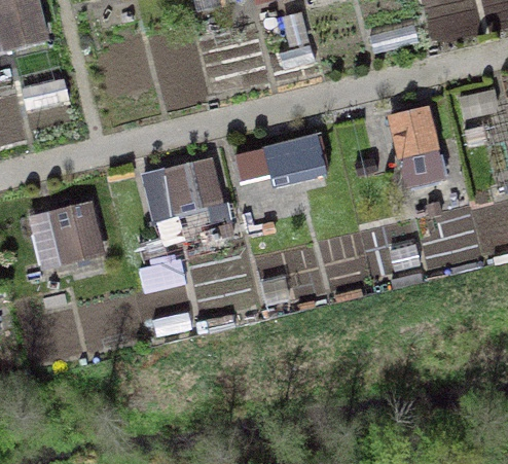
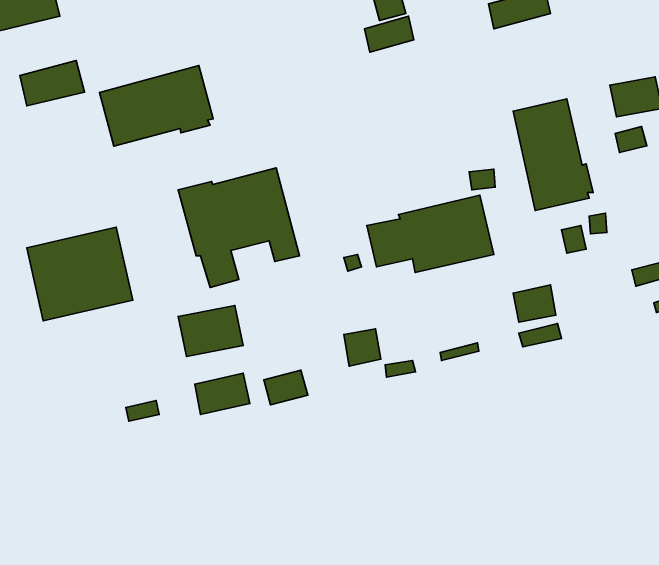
building: none -> [100,65,213,146]
building: [234,132,329,189] -> [367,195,494,272]

